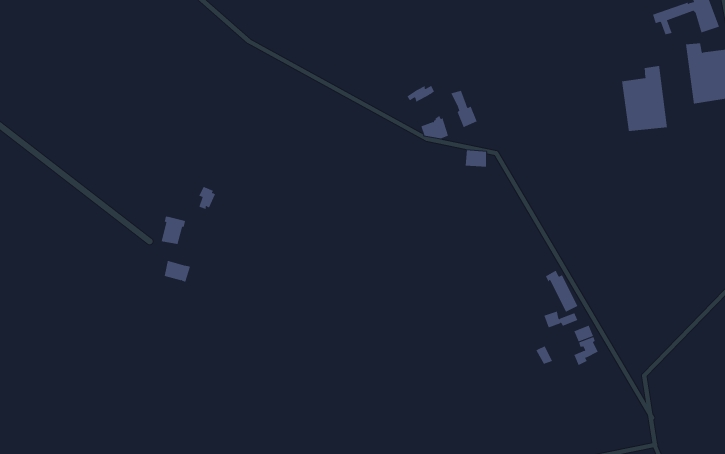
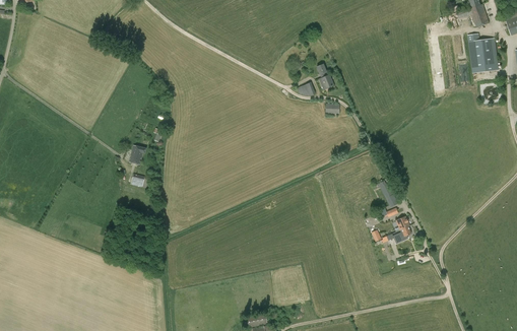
building: [622,65,668,132] -> none

